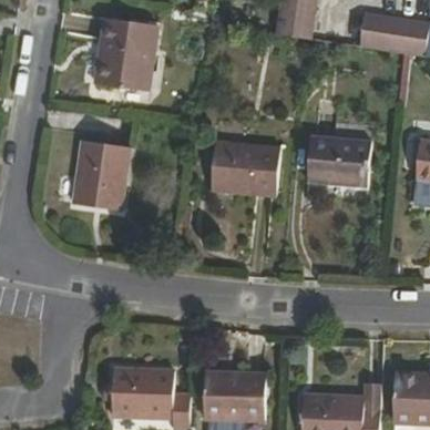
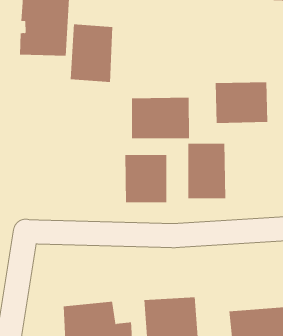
building: [74,141,129,211] -> [70,24,113,82]
building: none -> [188,143,226,199]
building: none -> [125,154,167,203]

